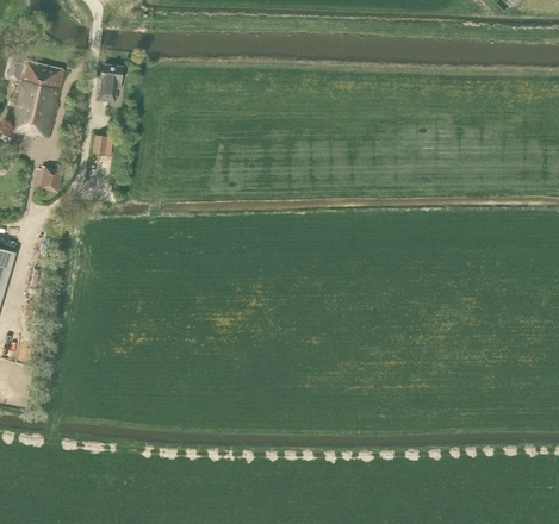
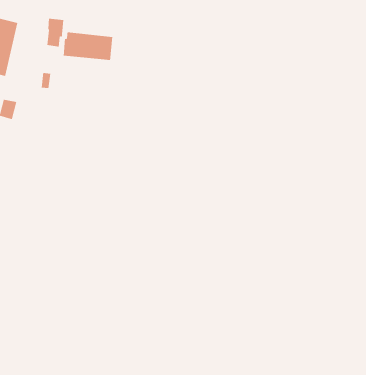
building: none -> [63,32,113,61]

